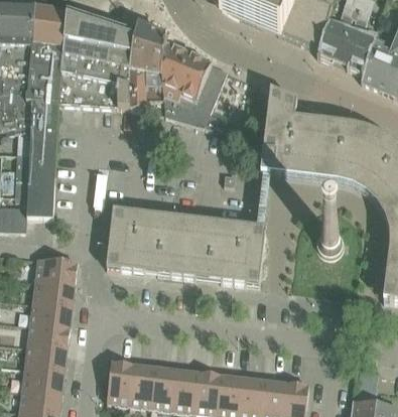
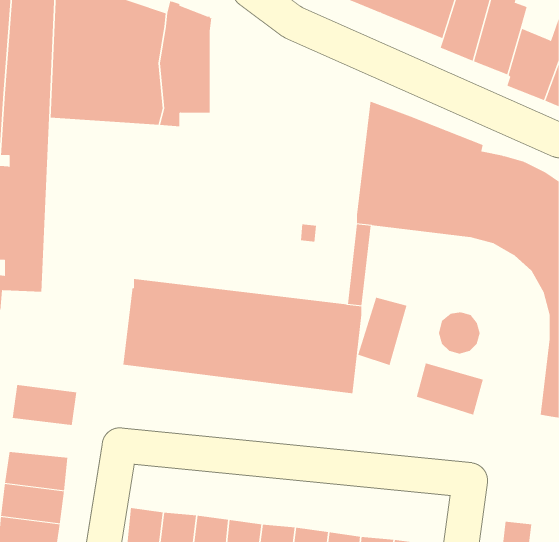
building: [164,44,227,128] -> none
building: none -> [358,297,407,366]
building: [35,257,78,284] -> none
building: none -> [416,363,484,415]
building: [30,301,73,327] -> none

